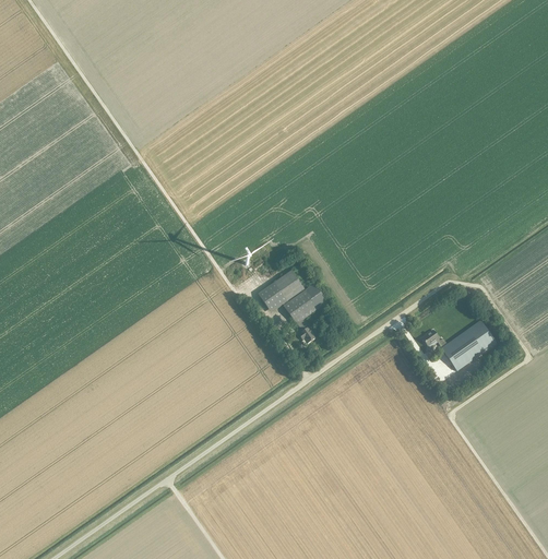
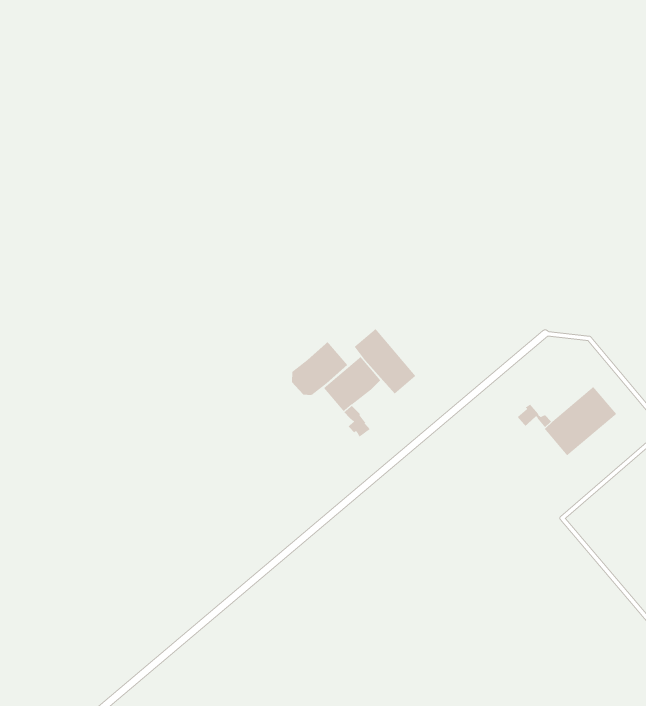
building: none -> [354,328,416,394]

